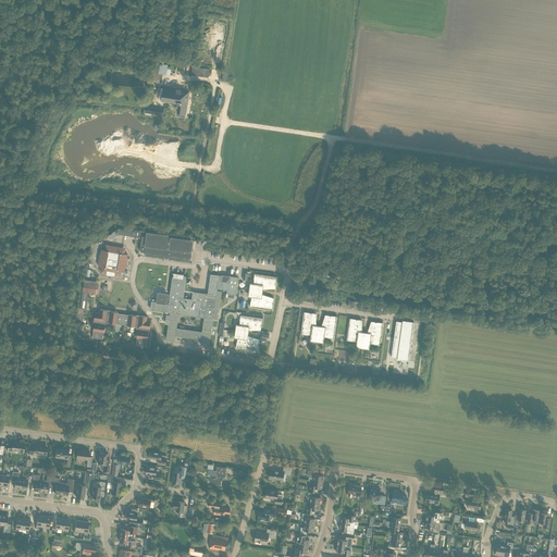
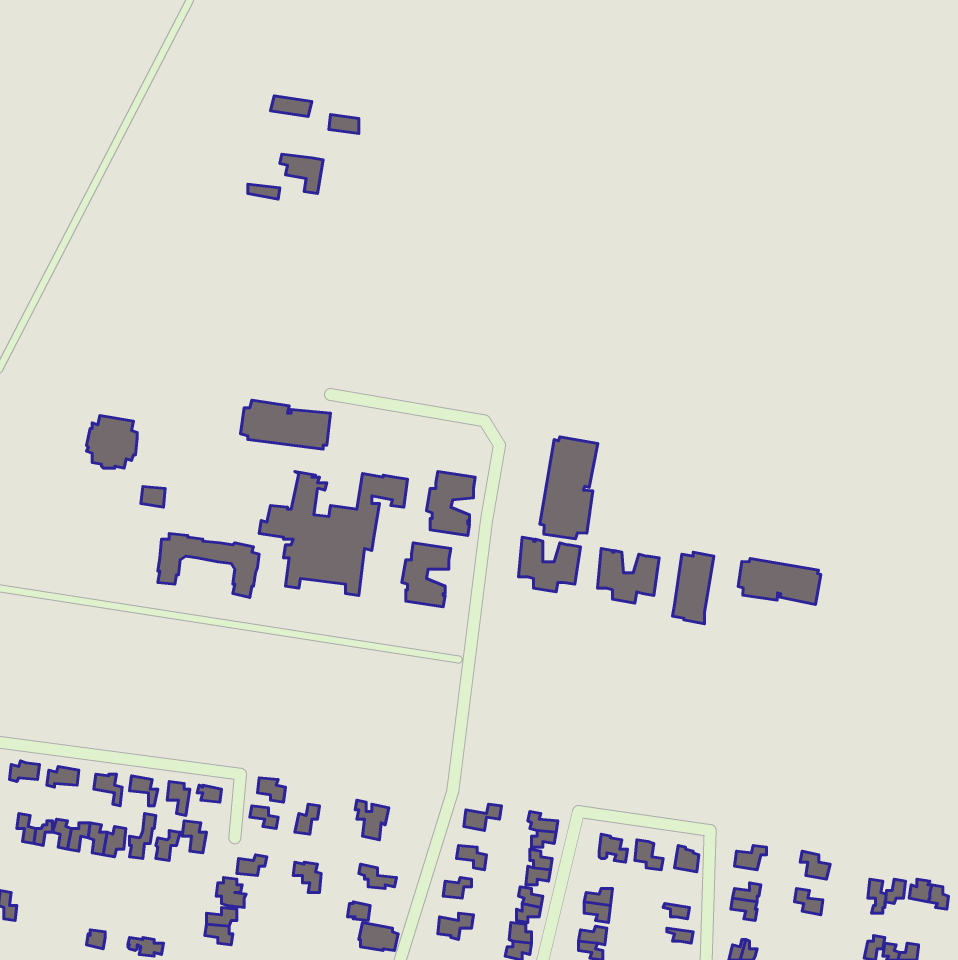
building: [97,245,126,275] -> [87,415,137,468]
building: none -> [540,437,598,539]
building: none -> [738,558,821,604]

